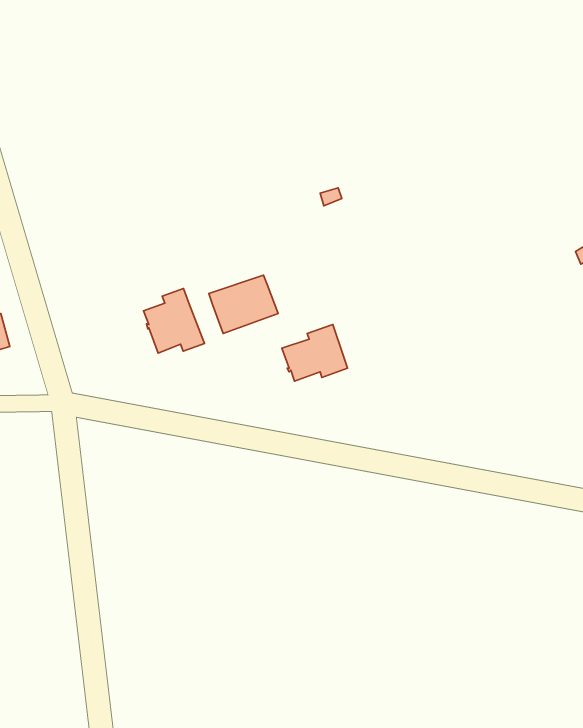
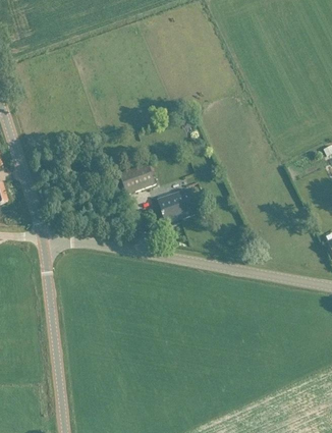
building: [143,288,204,353] -> none

